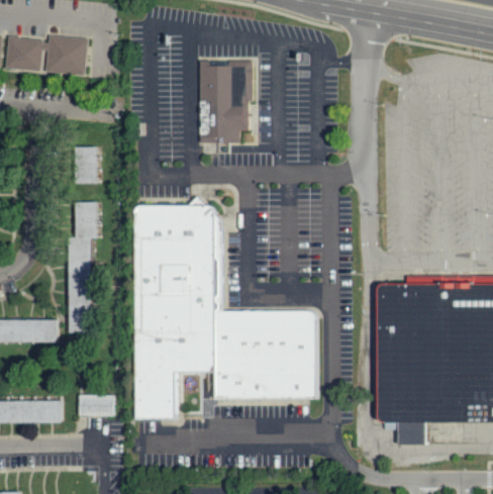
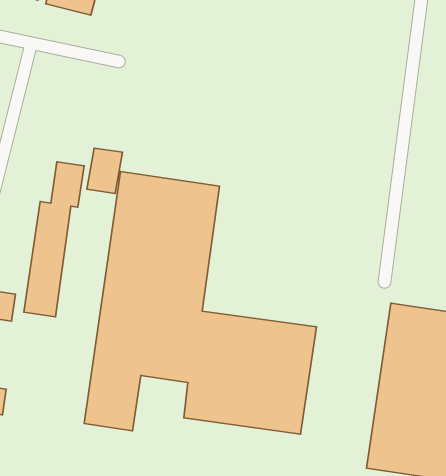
building: [197,55,256,142] -> none
building: [75,147,100,183] -> [87,148,123,193]
building: [78,395,114,416] -> none

